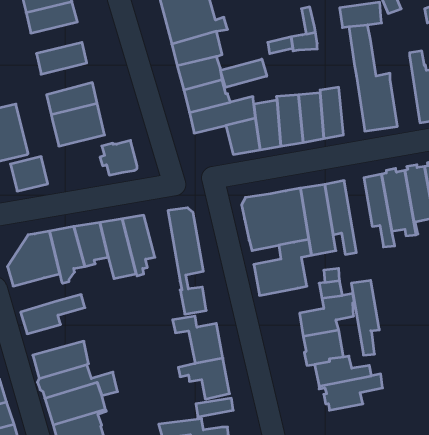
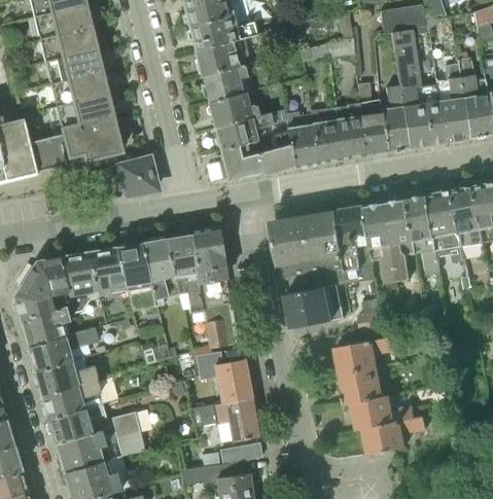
building: none -> [40,27,97,62]
building: none -> [436,64,469,142]
building: [221,59,267,87] -> none
building: none -> [51,72,108,107]
building: none -> [380,86,409,151]
building: none -> [217,141,263,180]
building: [10,157,48,191] -> [30,134,71,172]
building: none -> [165,235,205,314]
building: none -> [21,305,74,347]
building: [351,280,379,355] -> [386,199,417,281]
building: none -> [36,356,99,394]

